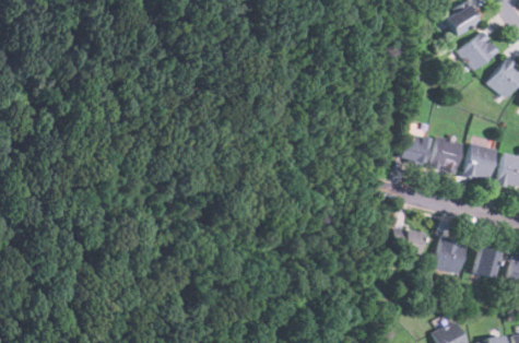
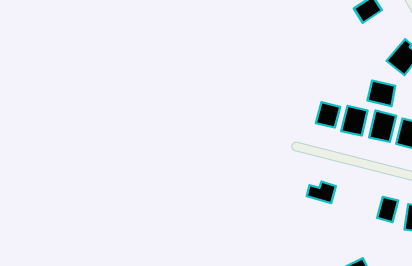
building: [458,31,498,70] -> none
building: none -> [367,80,395,106]
building: [434,239,467,275] -> none

